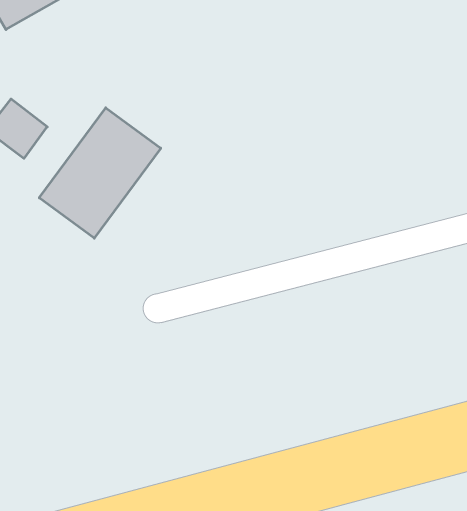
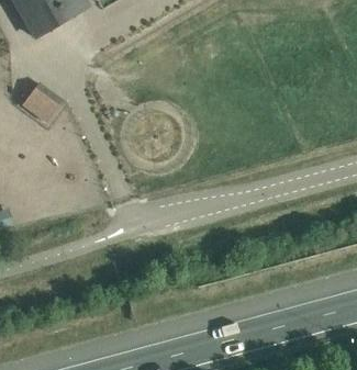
building: [39,108,161,238] -> none

